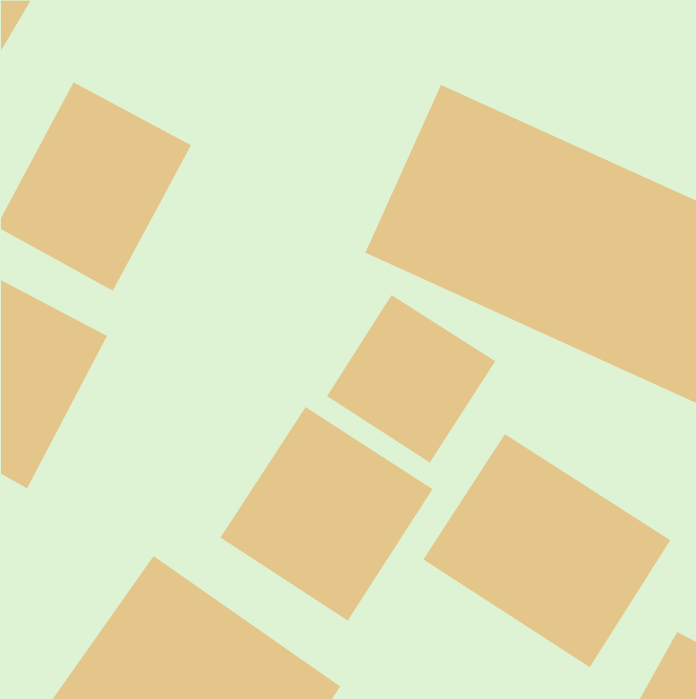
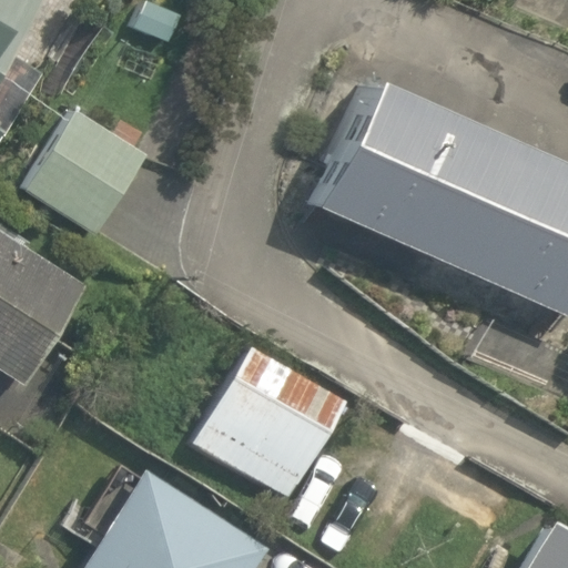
building: [326,294,496,463] -> none
building: [423,433,671,668] -> none

